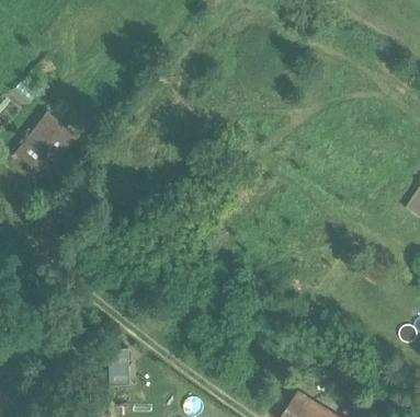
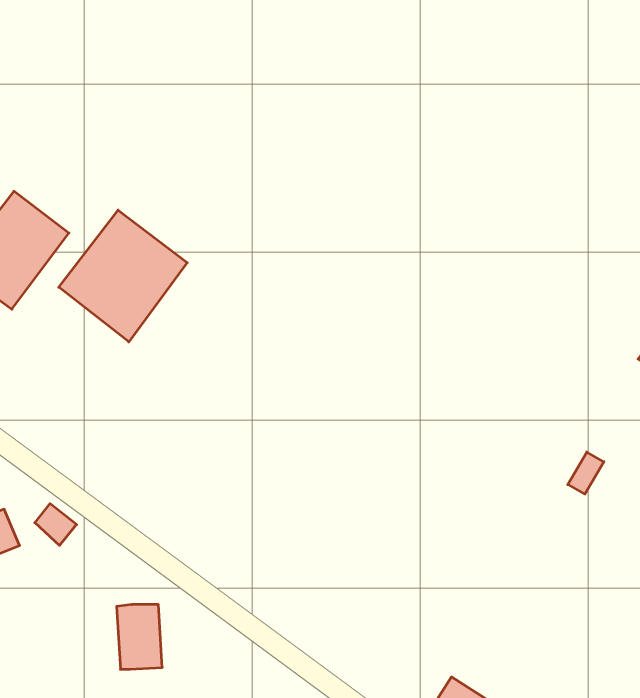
building: none -> [59,210,187,342]

